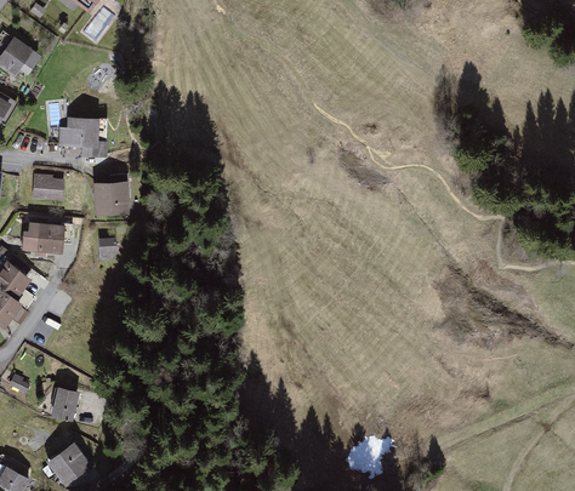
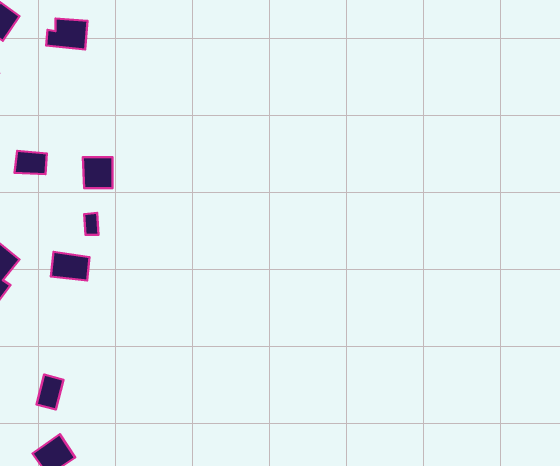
building: [61,116,99,145] -> [46,18,88,49]
building: [27,223,63,250] -> [51,252,90,280]

